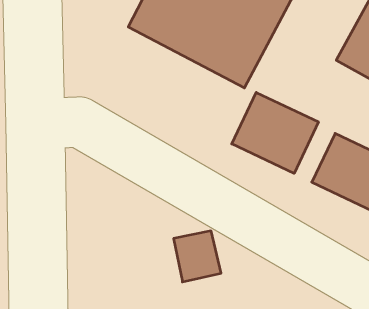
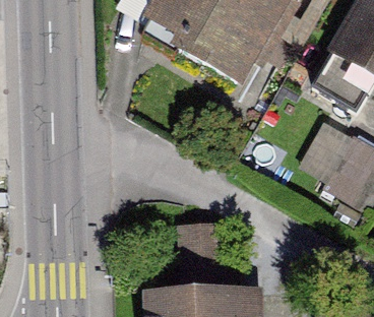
building: [232,92,318,173] -> none

